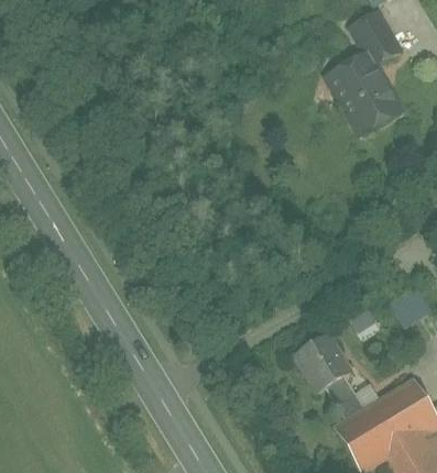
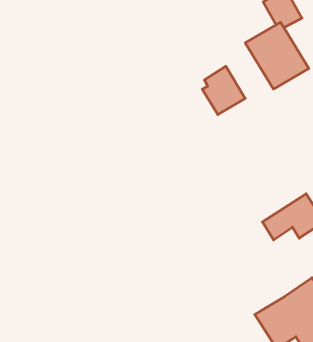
building: none -> [202,66,245,115]
building: [295,333,375,418] -> none

